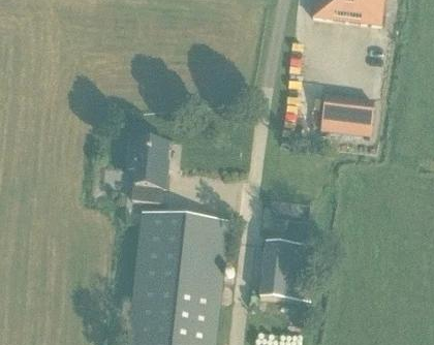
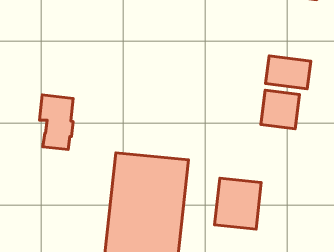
building: none -> [261,90,299,129]
building: [128,136,168,201] -> [40,95,73,150]

